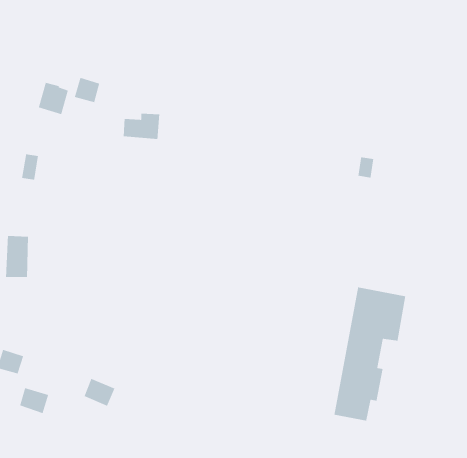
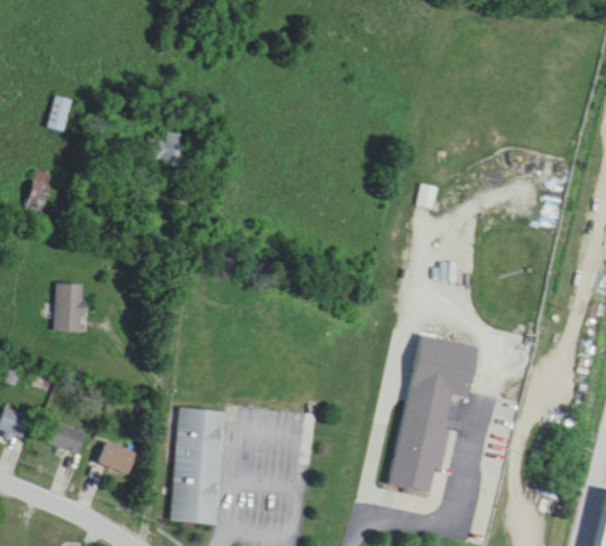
building: [74,77,100,103] -> none
building: [5,235,29,278] -> [55,283,82,332]
building: none -> [171,408,228,525]
building: [19,387,49,414] -> [50,423,85,455]

